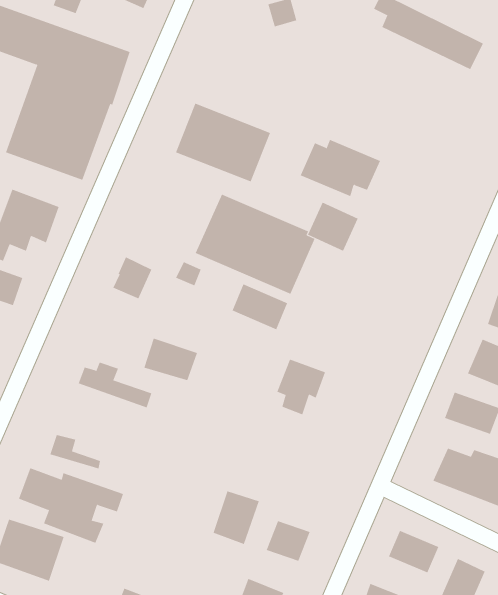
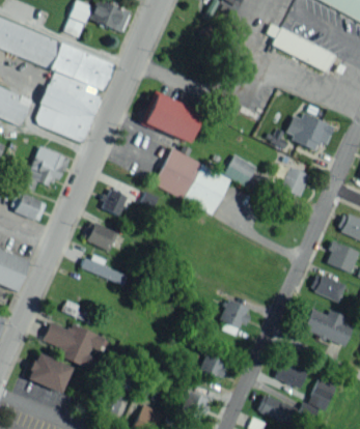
building: [300,139,381,197] -> [284,113,335,149]
building: none -> [280,167,309,196]
building: [232,283,288,330] -> none
building: [143,338,198,381] -> [83,222,117,249]
building: [276,359,326,415] -> [220,299,251,335]
building: [213,490,260,545] -> none

